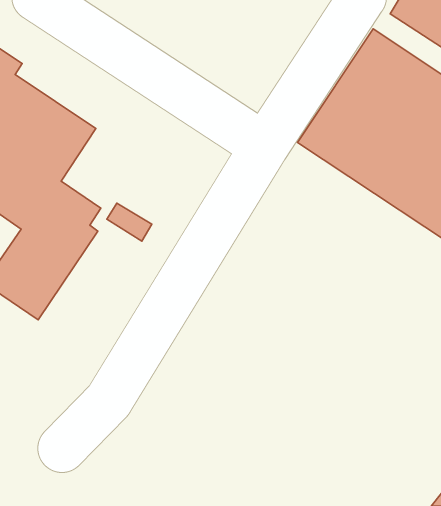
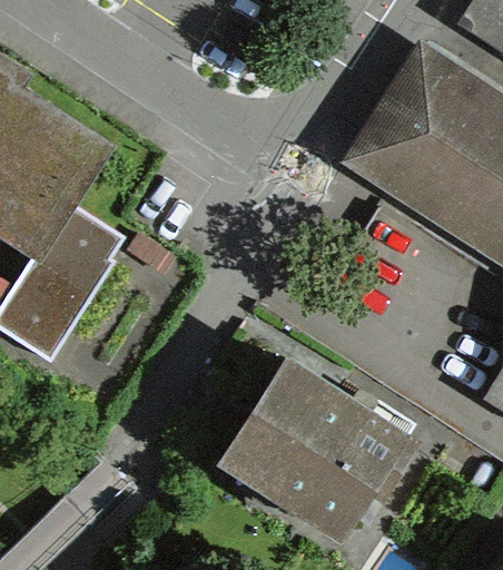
building: none -> [217,356,420,543]

